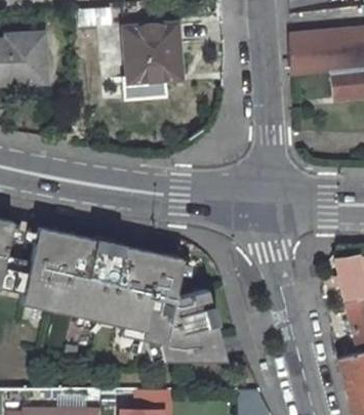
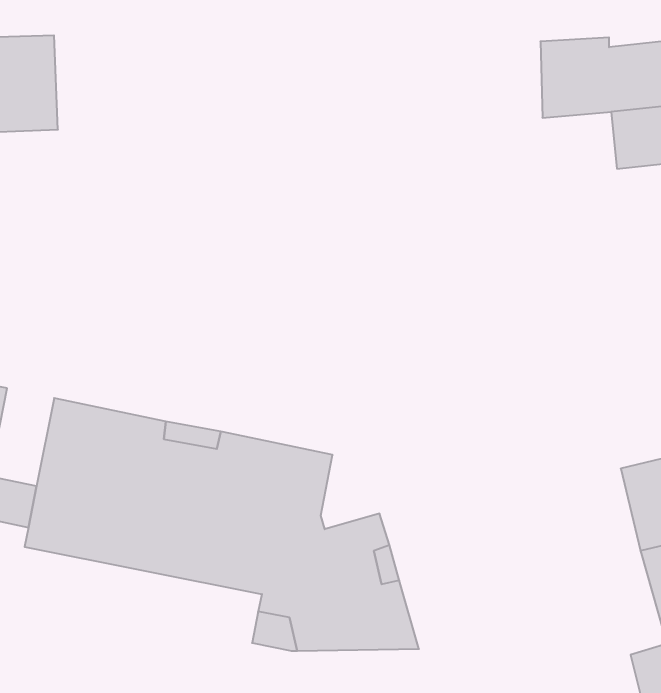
building: [121,28,179,84] -> none

